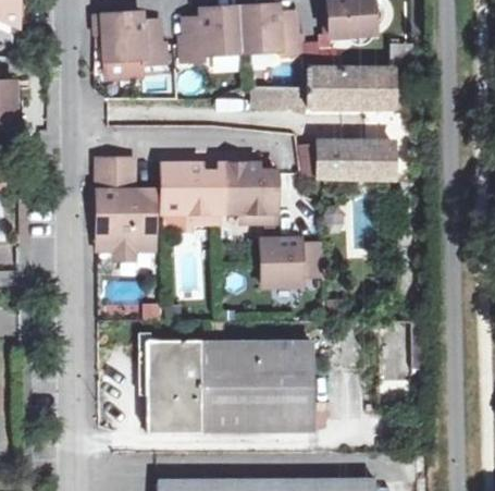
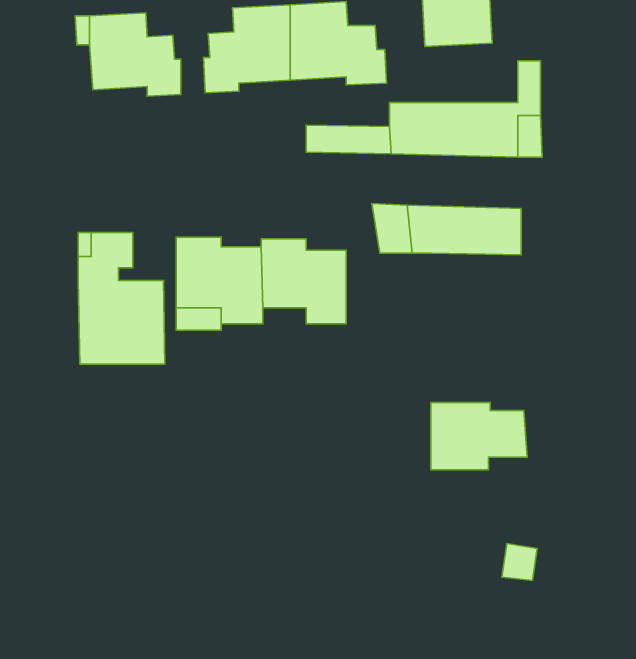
building: [261,240,326,285] -> [431,403,527,470]
building: [146,337,312,431] -> none

